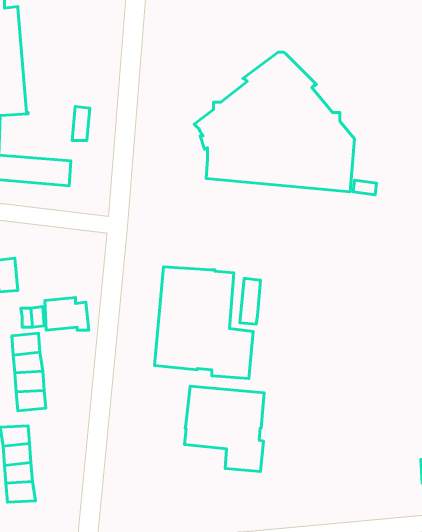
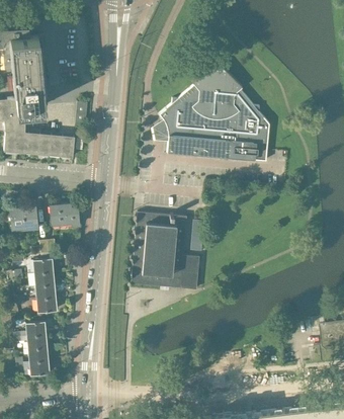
building: [45,298,89,330] -> [50,204,80,227]
building: [185,386,264,471] -> none

